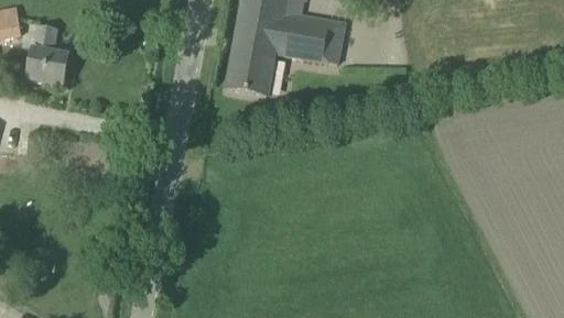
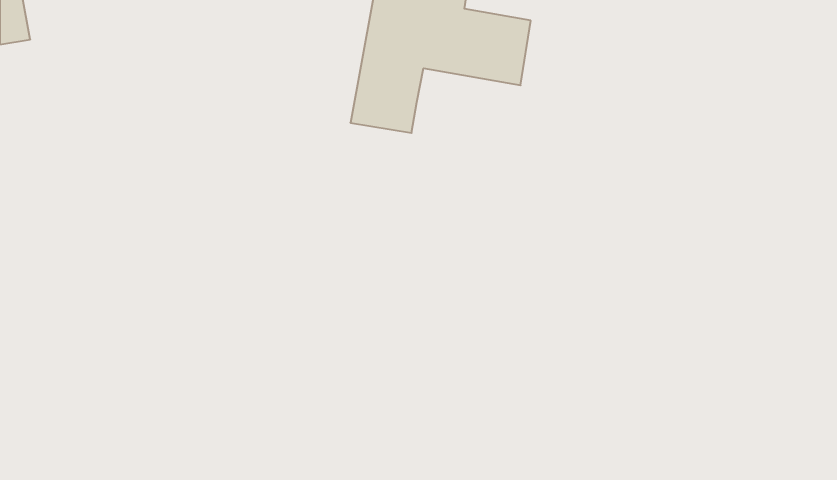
building: [25,24,67,83] -> none

